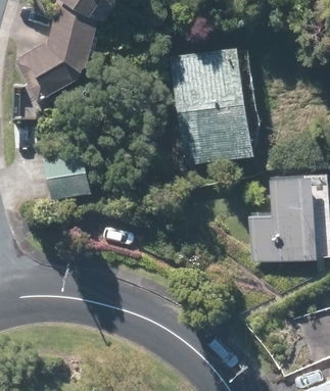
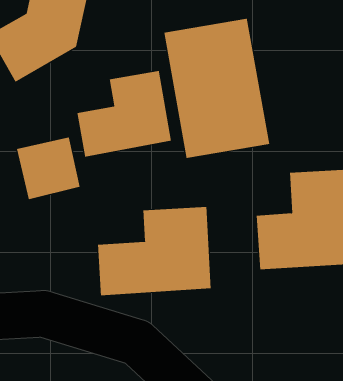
building: none -> [77,70,172,158]
building: none -> [97,206,211,296]

